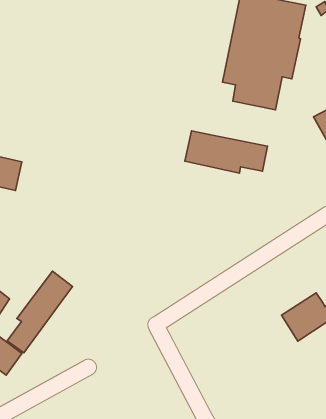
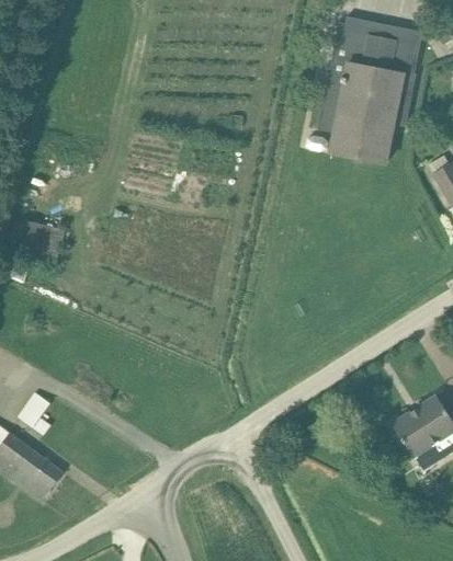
building: [185,131,267,173] -> none
building: [7,271,72,353] -> none

